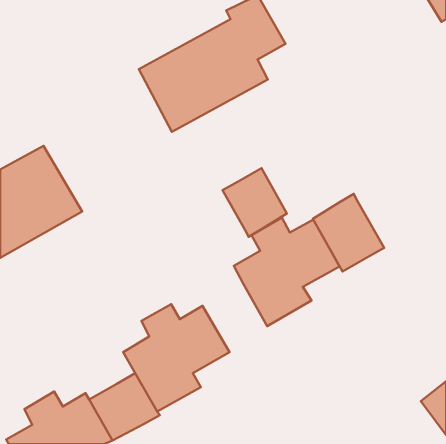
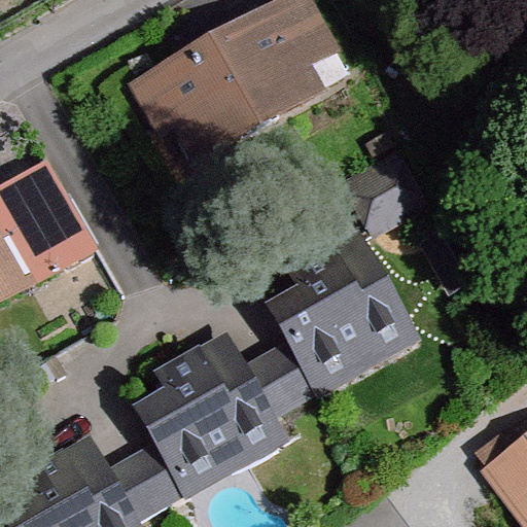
building: [223,168,287,237] -> none
building: [313,194,384,271] -> none
building: none -> [239,335,319,415]

